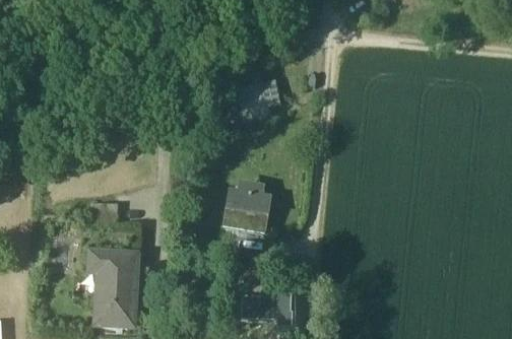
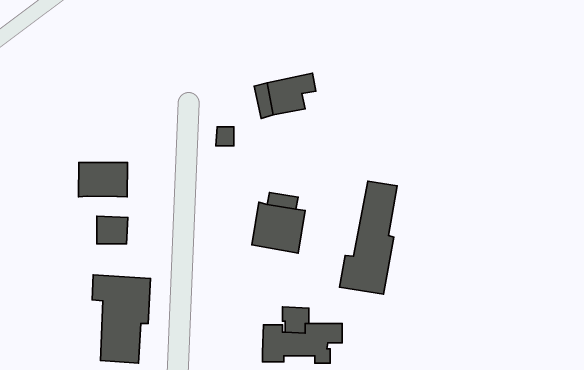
building: none -> [78,162,128,197]
building: none -> [339,181,397,294]

